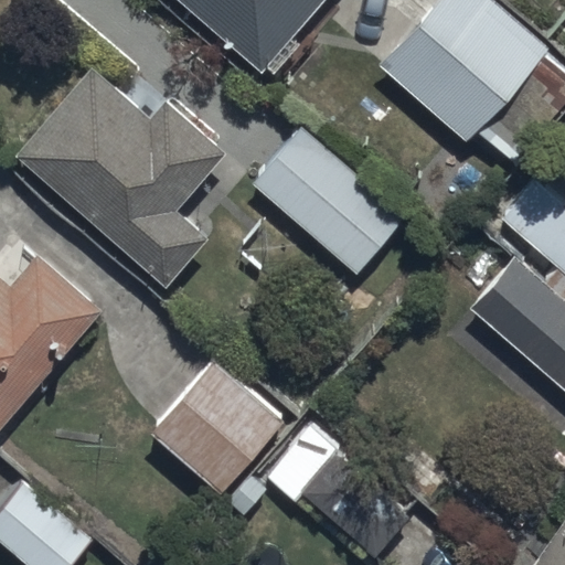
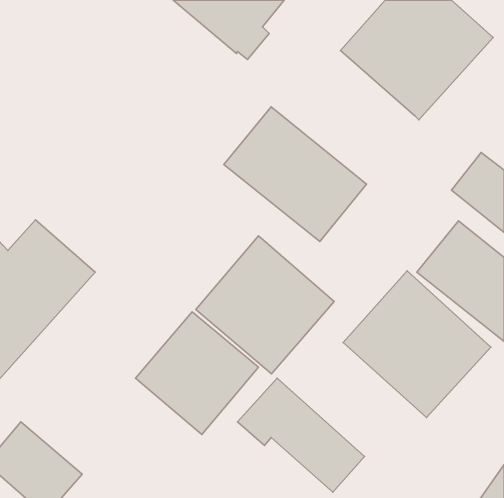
building: [14,66,228,288] -> none
building: none -> [196,236,334,374]
building: none -> [343,271,491,417]

